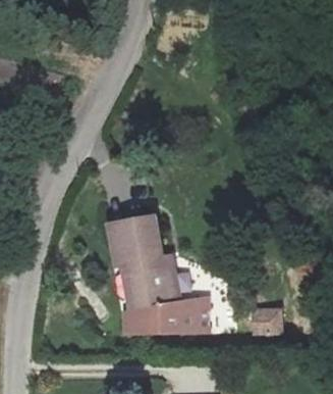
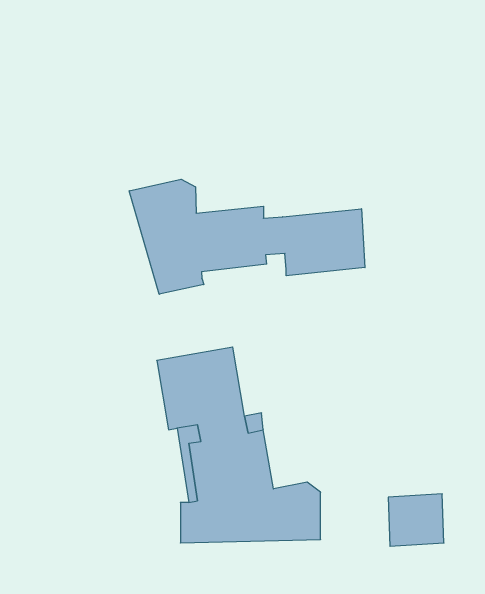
building: none -> [129,179,365,294]

